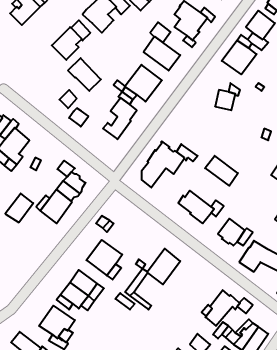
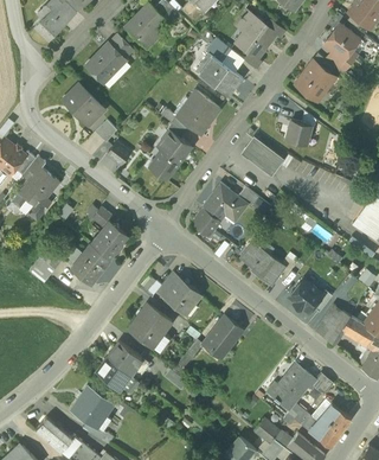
building: [68,58,101,91] -> [63,84,103,124]
building: [205,156,238,186] -> [242,138,282,174]
building: none -> [159,274,200,313]

